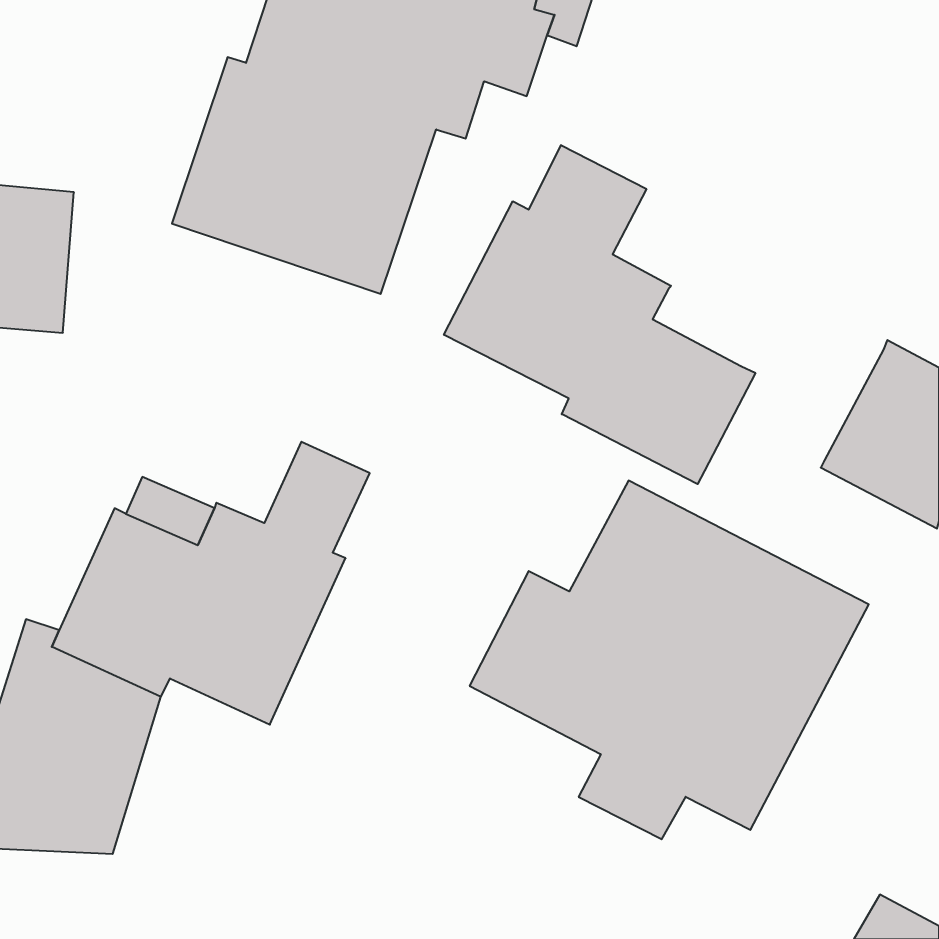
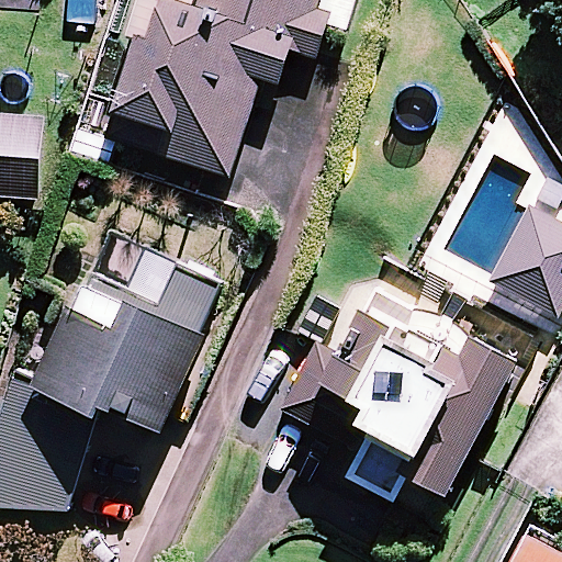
building: [444,145,755,484] -> none

